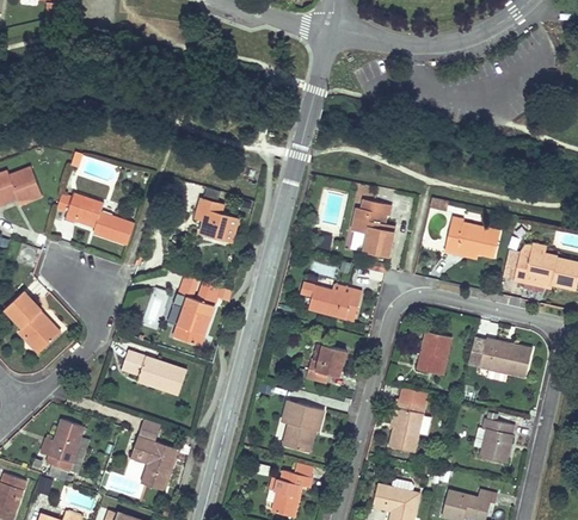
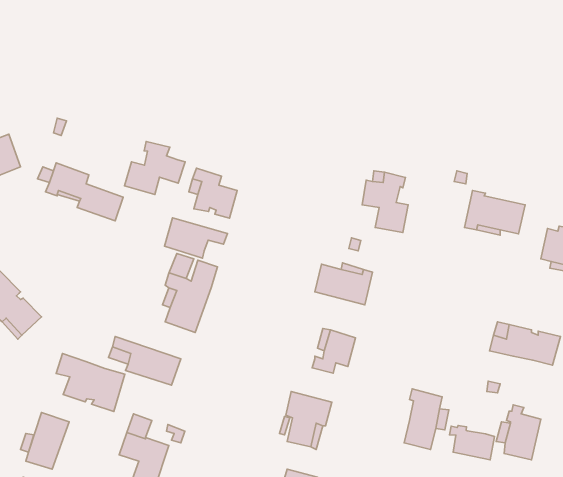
building: none -> [125,141,185,194]
building: none -> [165,218,227,258]
building: [417,330,451,374] -> none
building: none -> [56,354,125,411]
building: none -> [450,425,495,460]

